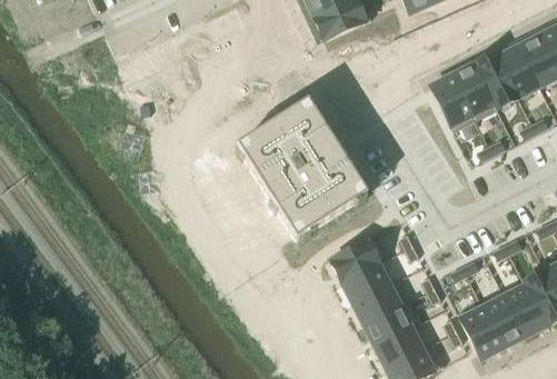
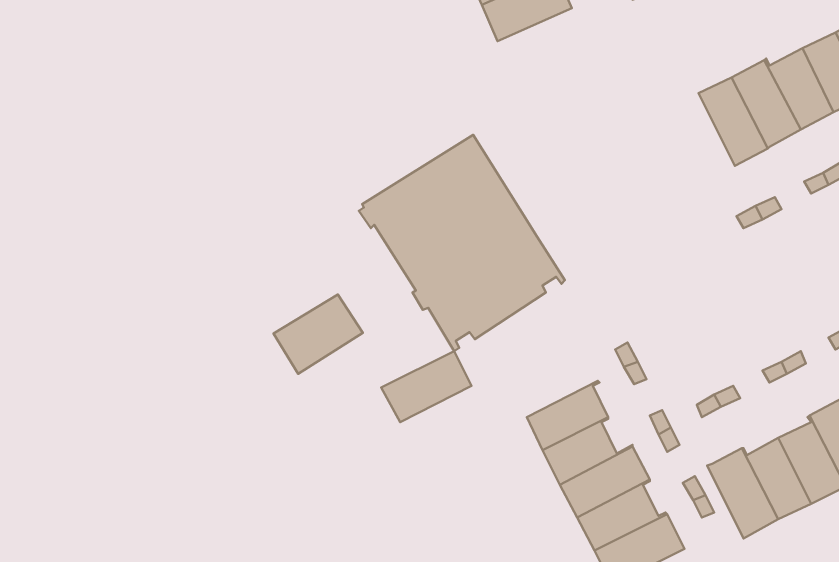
building: [429,73,475,131] -> none
building: none -> [274,294,363,374]
building: [329,236,387,281] -> [381,351,471,422]

